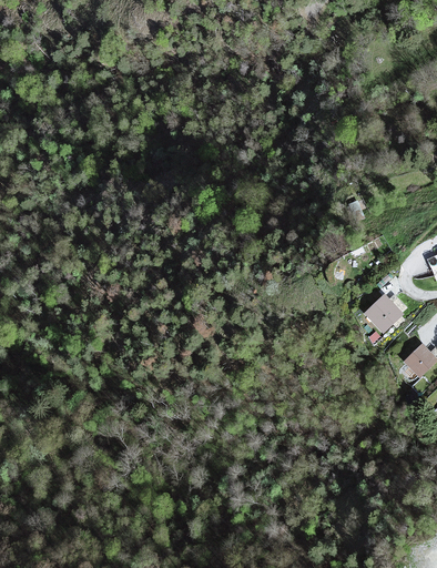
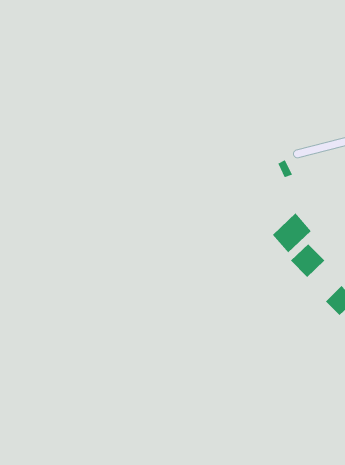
building: none -> [272,213,312,253]

